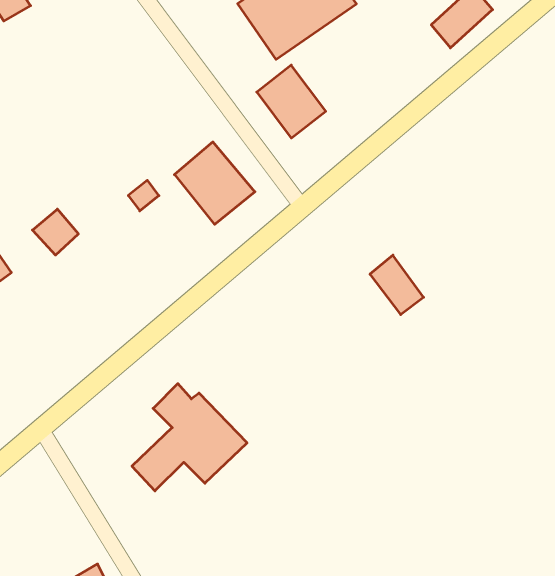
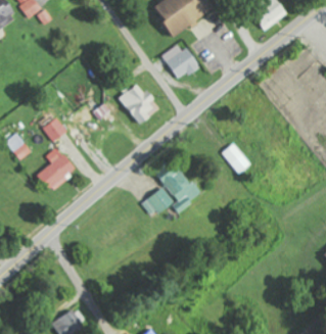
building: none -> [37,146,76,190]
building: [132,384,247,491] -> [140,160,201,218]

